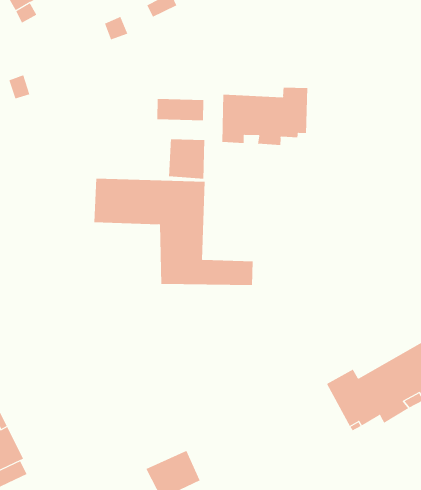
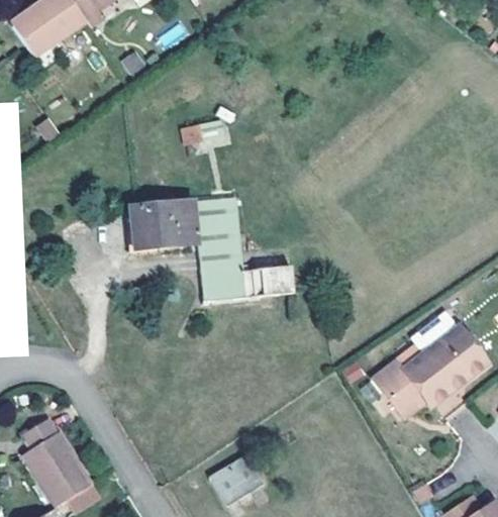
building: [222,87,308,146] -> none
building: [169,138,205,179] -> none

